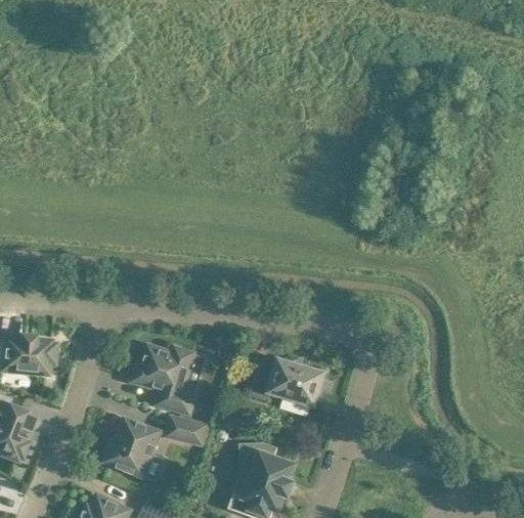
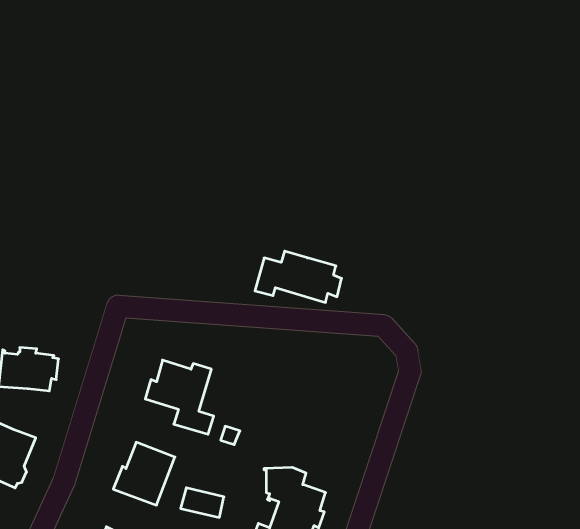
building: [250,358,328,404] -> [255,251,342,302]
building: [165,417,204,443] -> [181,488,224,517]

